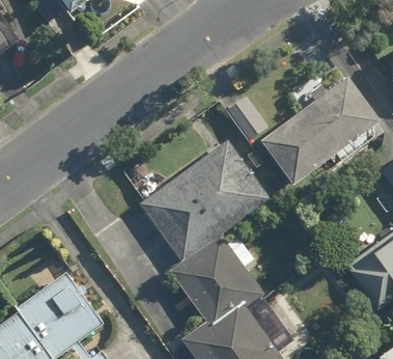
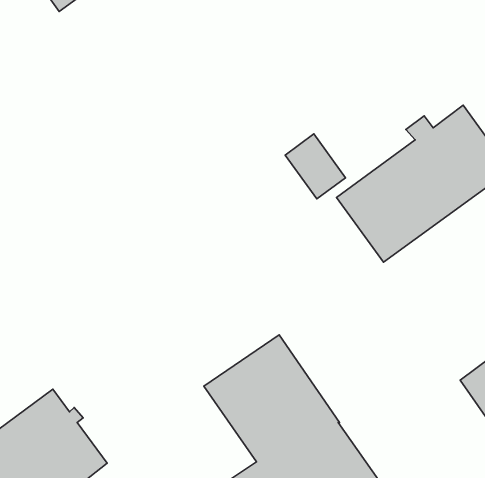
building: [140,141,270,261] -> none

